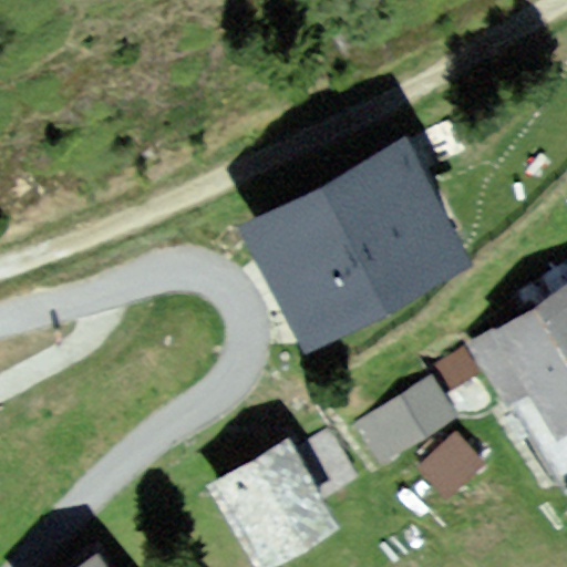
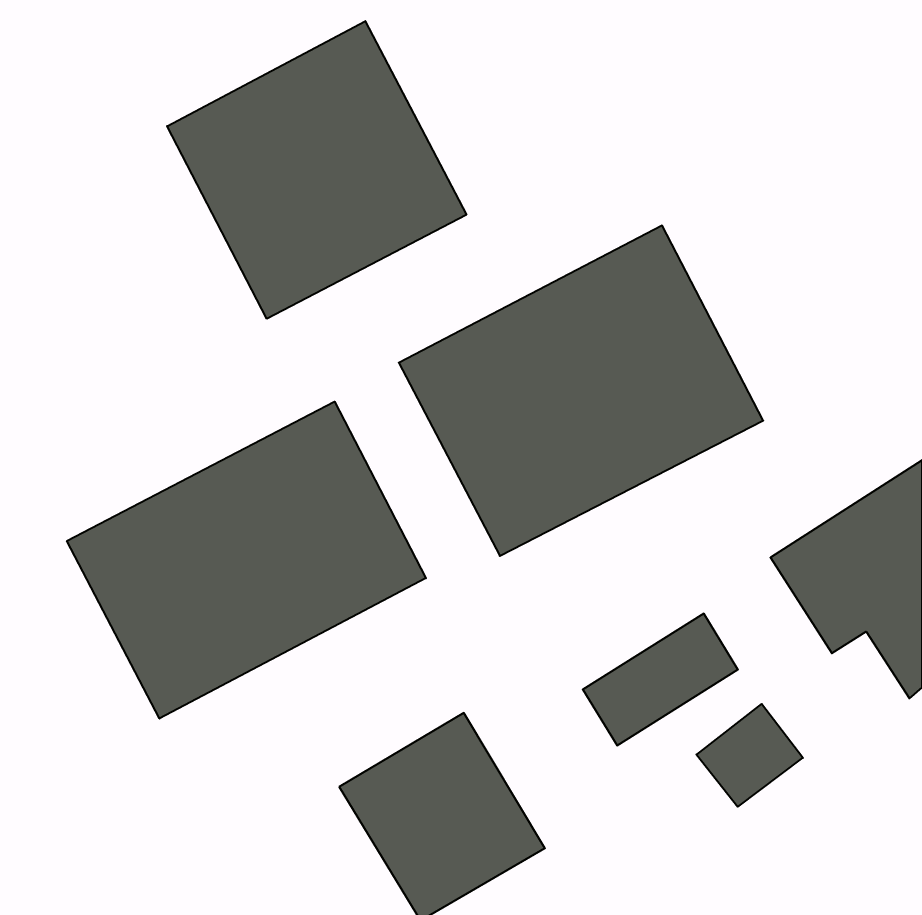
building: none -> [167,21,466,319]
building: none -> [67,402,426,719]

